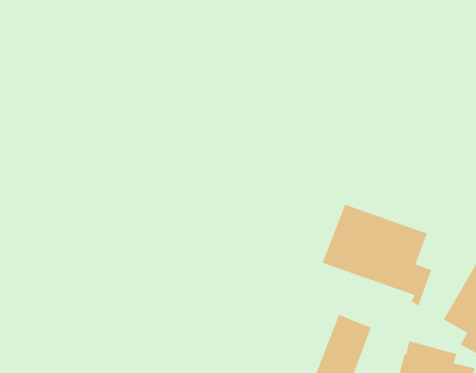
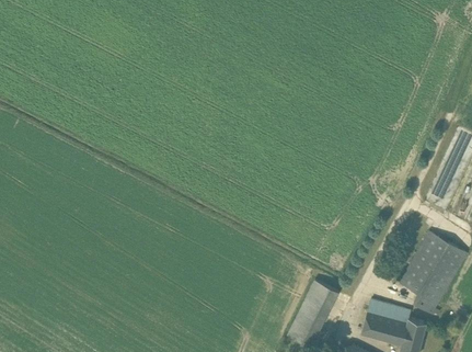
building: [322,204,432,306] -> none

